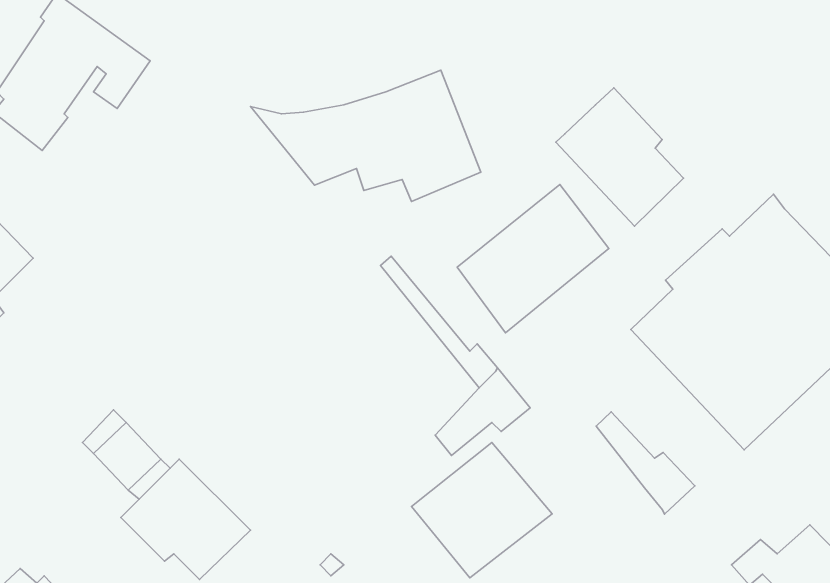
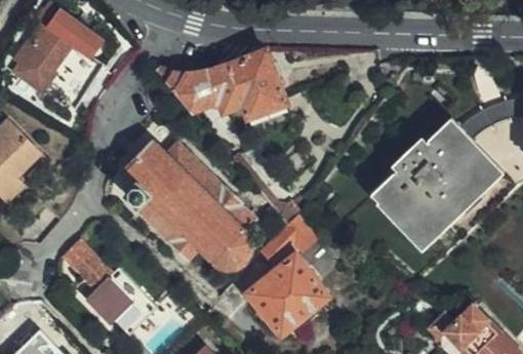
building: [556,88,683,226] -> none
building: [457,185,609,333] -> none
building: none -> [118,140,255,270]
building: [596,412,695,514] -> none

